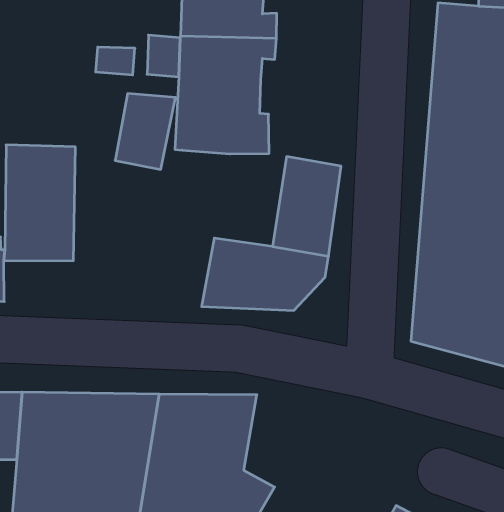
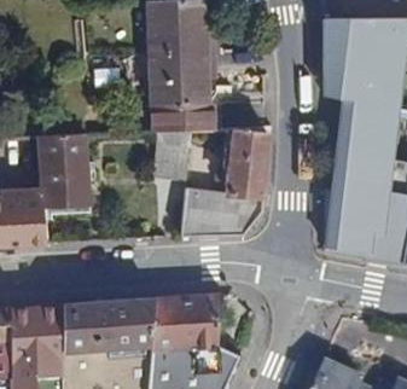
building: [115,94,175,169] -> [153,132,191,181]

